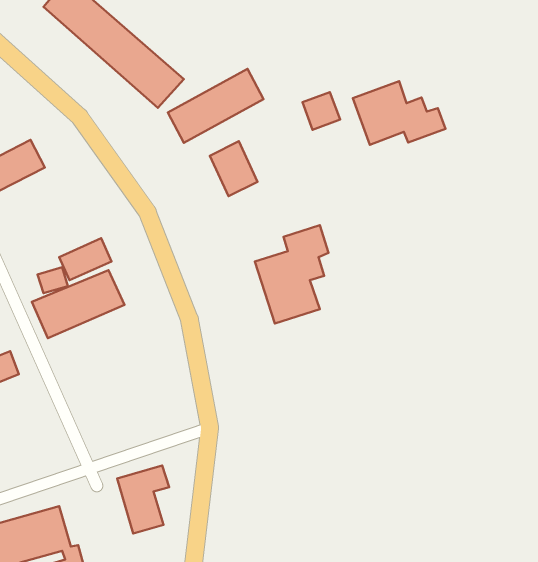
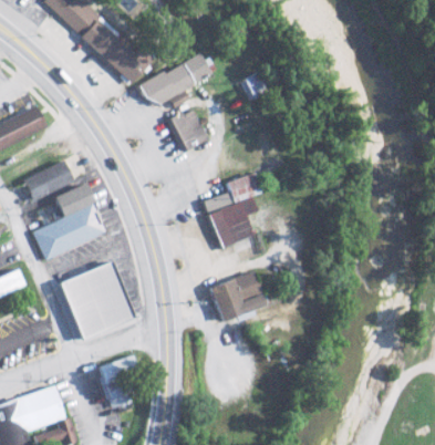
building: [353,81,446,145] -> none
building: none -> [23,162,74,203]
building: none -> [60,262,135,340]
building: none -> [210,271,267,320]

